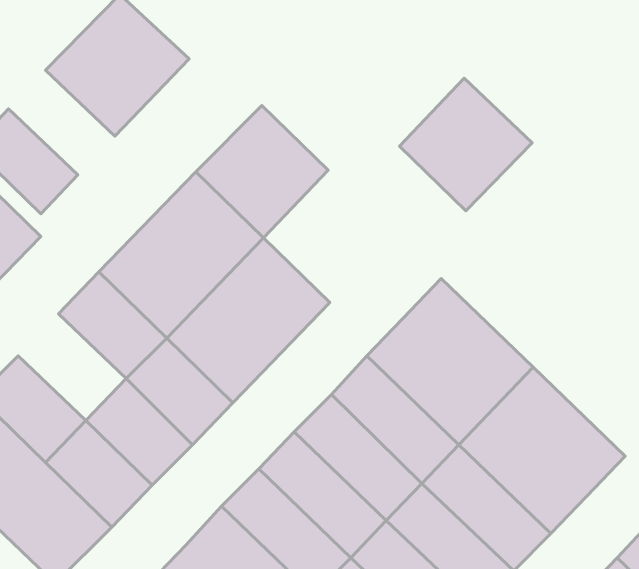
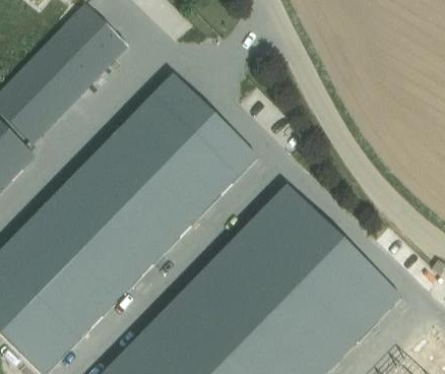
building: none -> [14,52,81,118]
building: [400,78,532,211] -> [175,115,258,198]
building: none -> [20,205,88,272]

